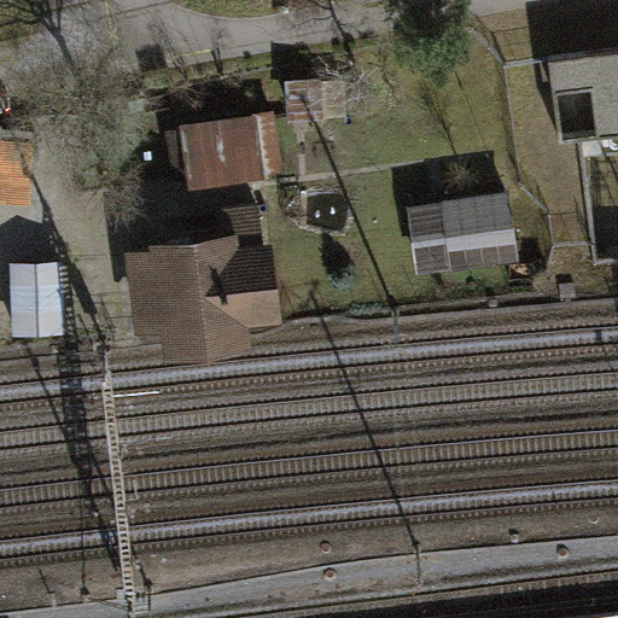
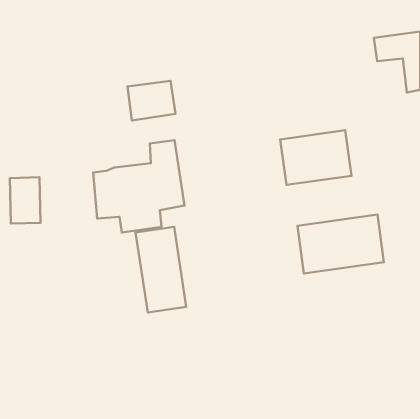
building: none -> [298,215,384,273]
building: none -> [136,227,186,312]

